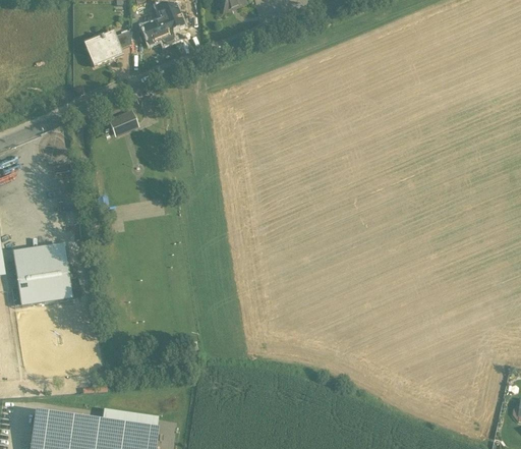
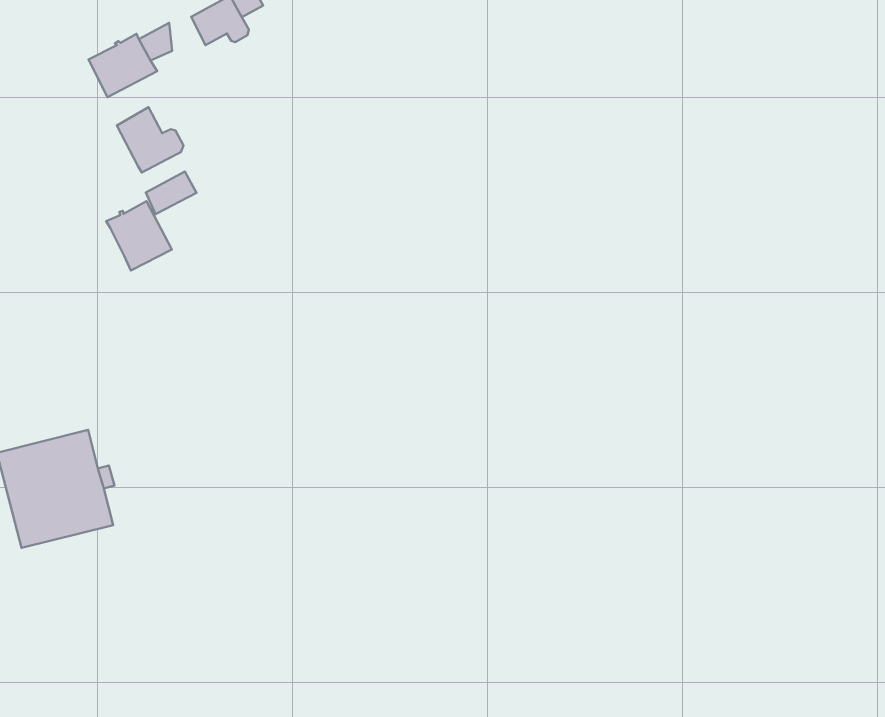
building: none -> [117,107,183,172]
building: none -> [106,201,172,271]

